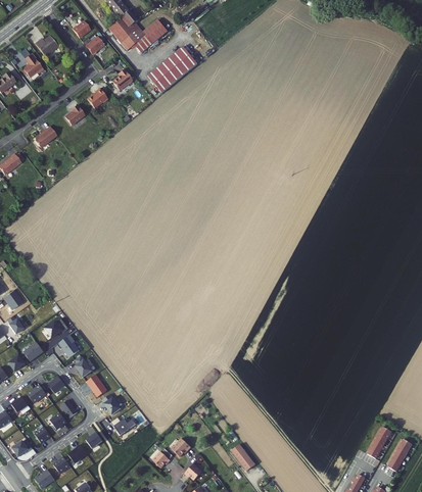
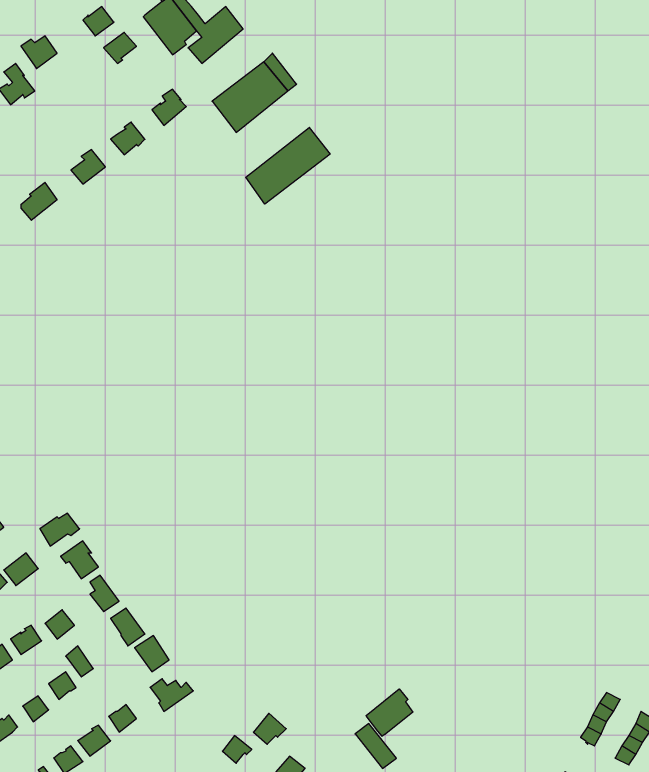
building: none -> [246,127,330,204]
building: none -> [366,689,413,736]

